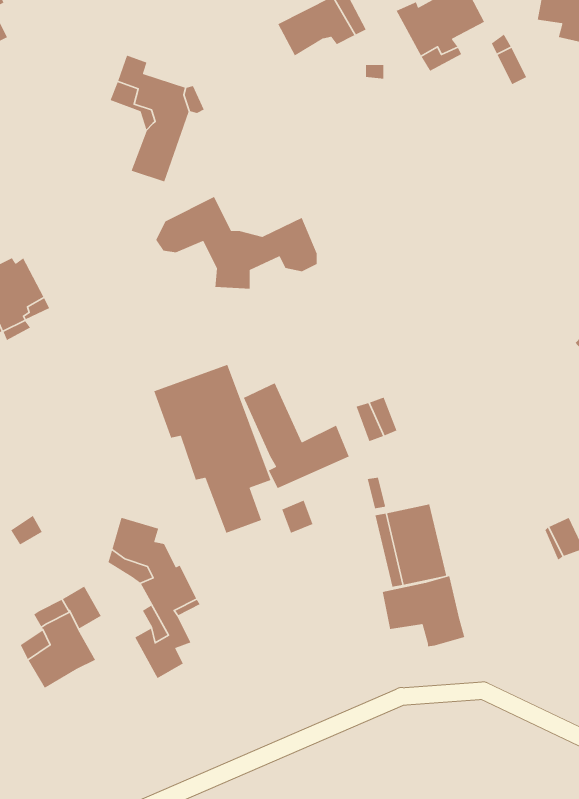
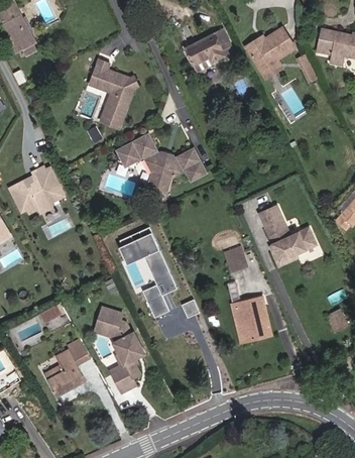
building: [243,382,350,489] -> [260,206,317,262]
building: [382,575,466,647] -> none

